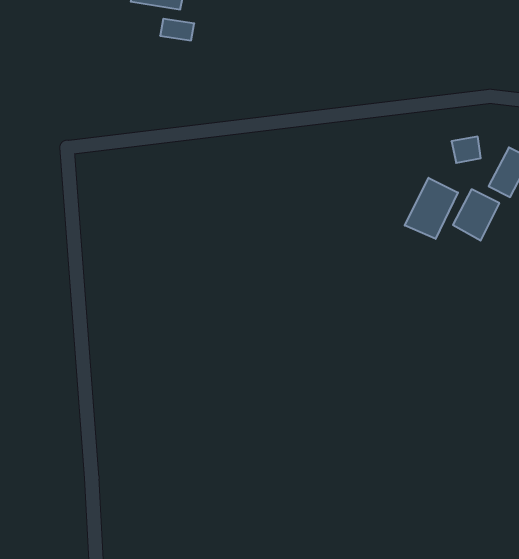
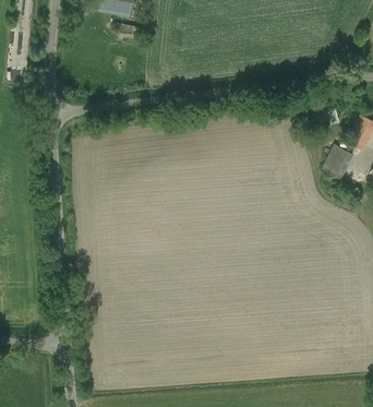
building: [405,178,458,239] -> none

